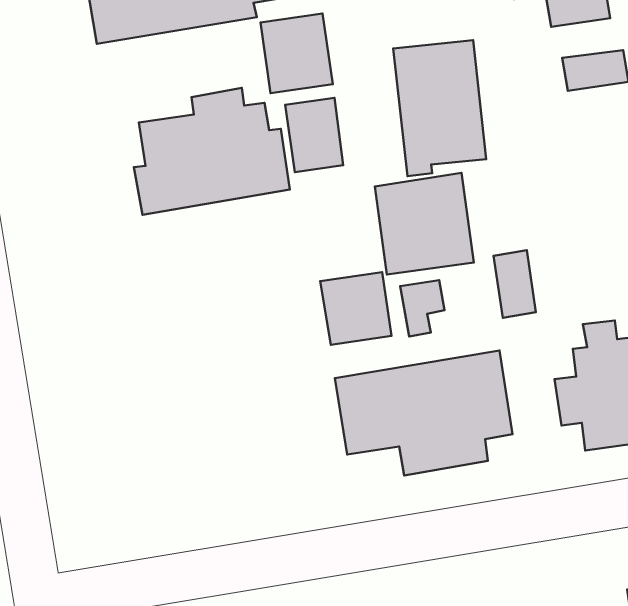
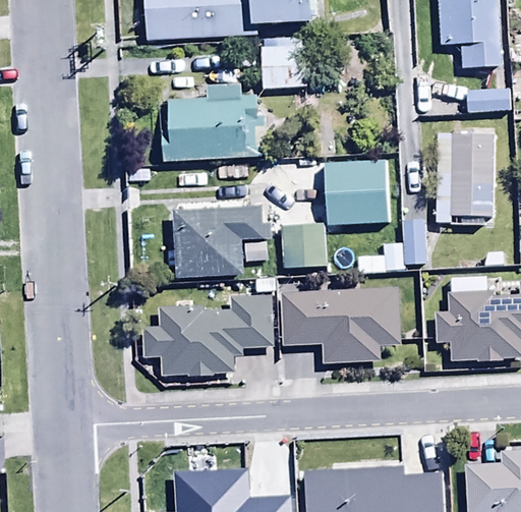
building: [393,40,486,176] -> [436,132,493,222]
building: [285,98,343,172] -> none
building: none -> [175,209,270,278]
building: none -> [142,295,273,376]

